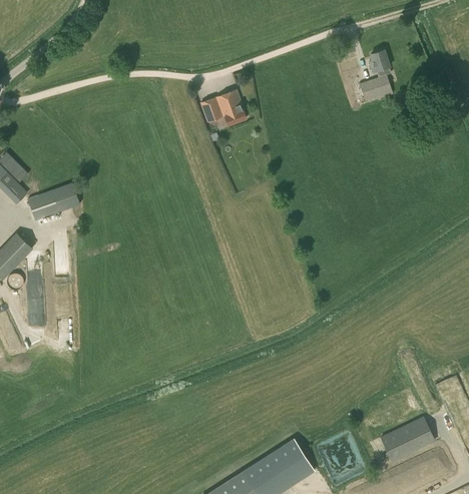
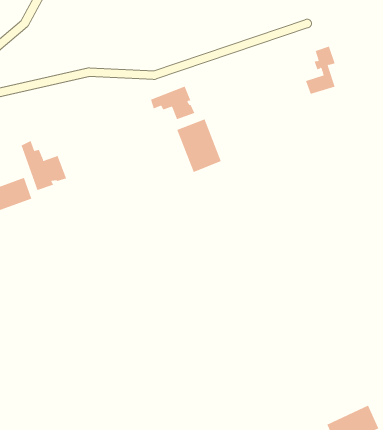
building: none -> [177,118,222,173]
building: none -> [21,140,67,191]

